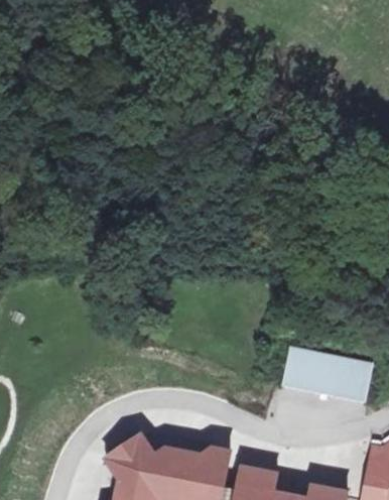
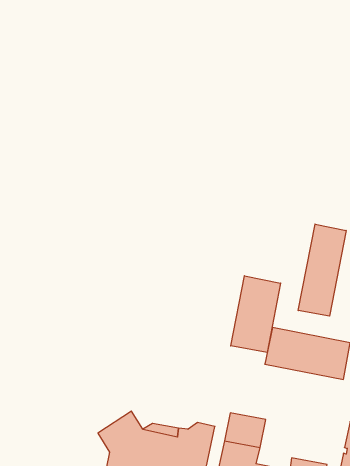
building: none -> [298,224,346,316]
building: none -> [231,276,281,353]

